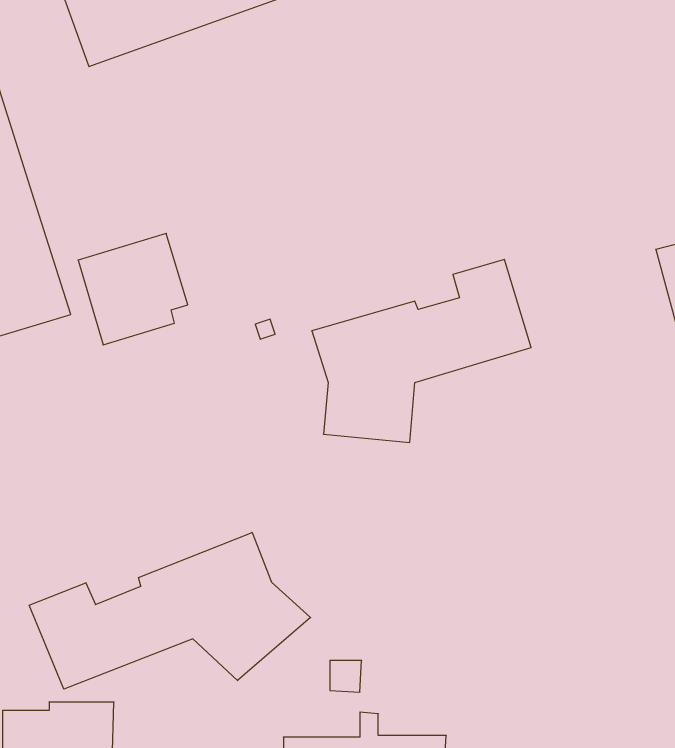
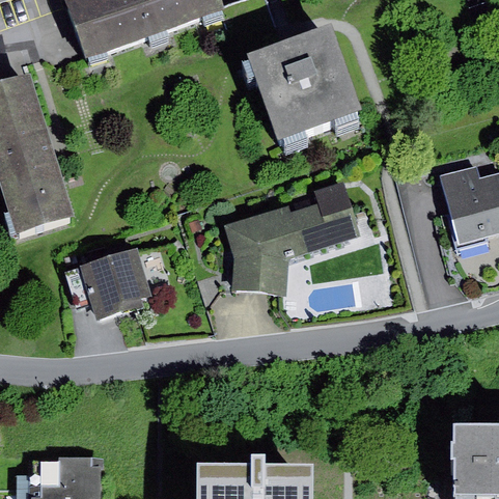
building: none -> [247,28,360,141]
building: [78,233,188,345] -> [82,250,150,320]
building: [29,532,311,689] -> none

